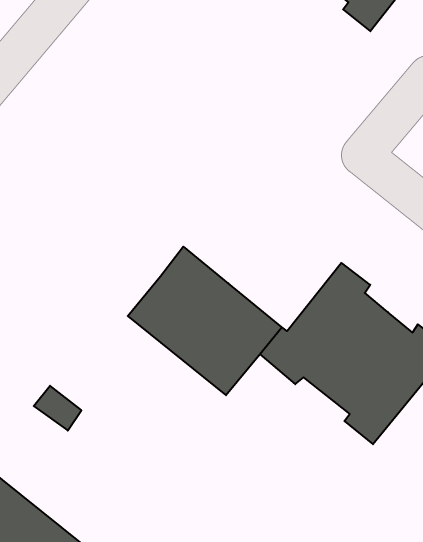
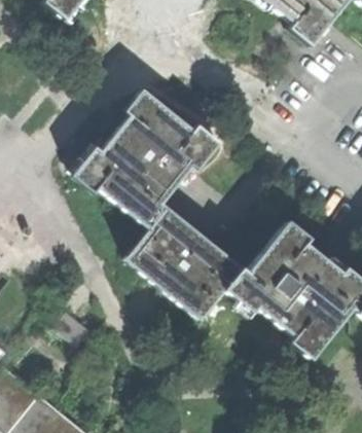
building: none -> [72,89,218,230]

